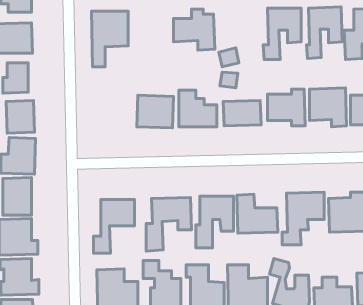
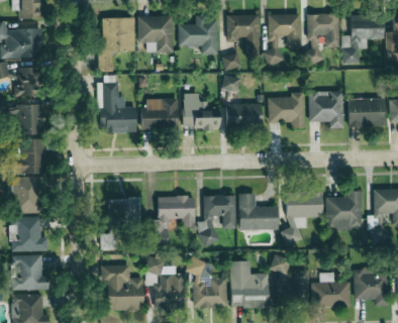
building: none -> [226,14,260,56]
building: none -> [137,15,173,52]
building: none -> [98,83,136,131]

